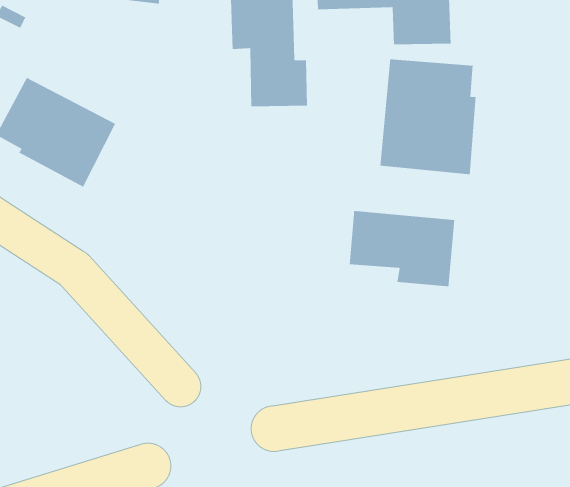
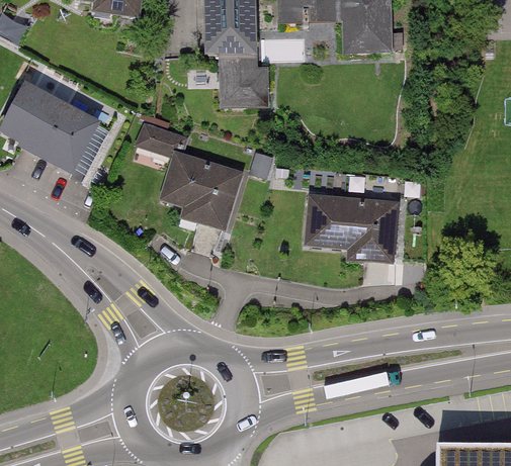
building: [379,58,477,175] -> none
building: none -> [136,119,245,230]

